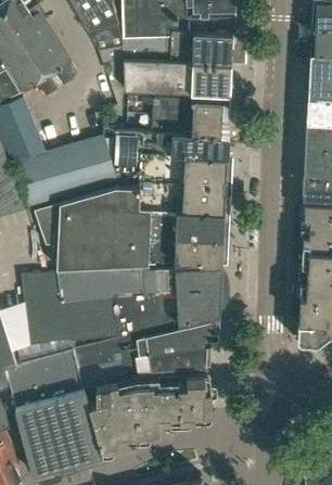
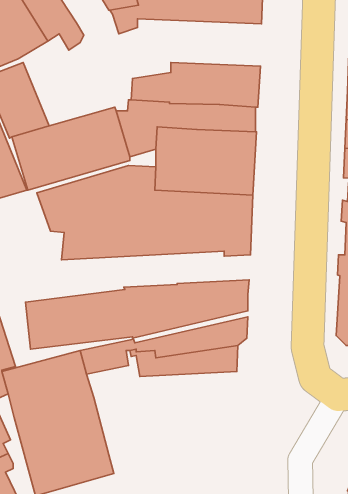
building: [108,61,233,97] -> none
building: [23,267,224,308] -> none
building: [87,376,213,442] -> none

